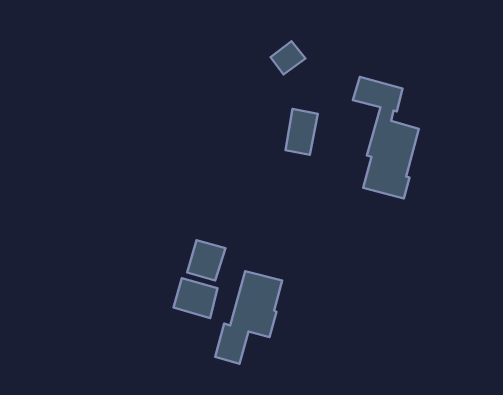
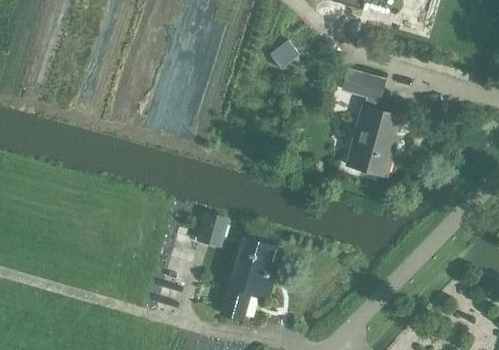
building: [286,109,318,155] -> none
building: [173,278,217,318] -> none

